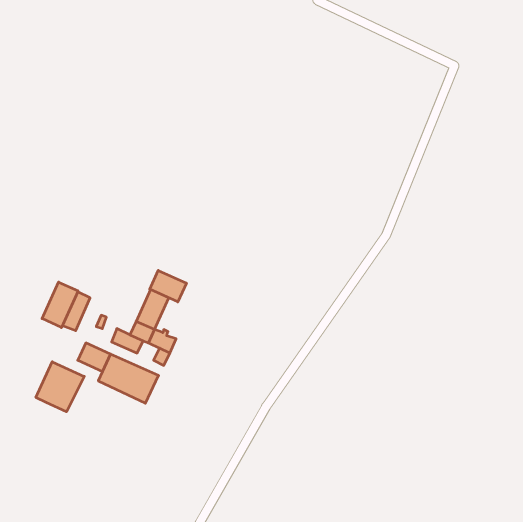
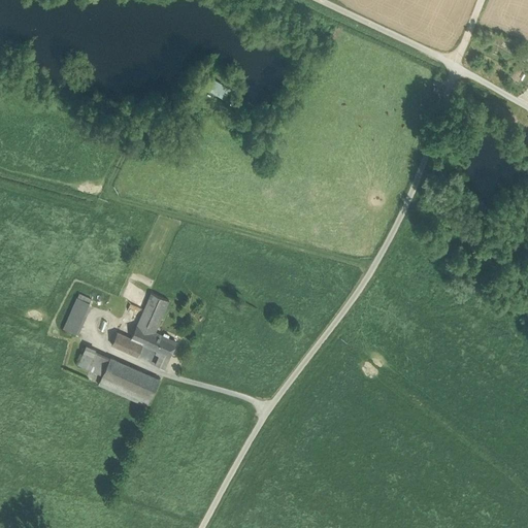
building: [150,270,186,302] -> none
building: [42,282,78,328] -> none
building: [36,362,84,412] -> none

